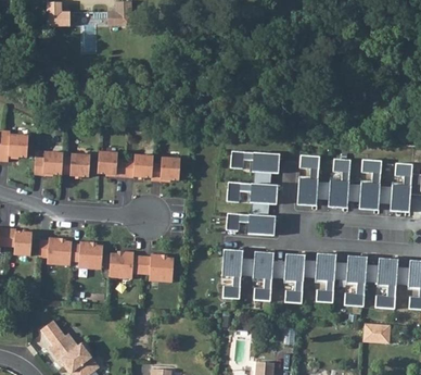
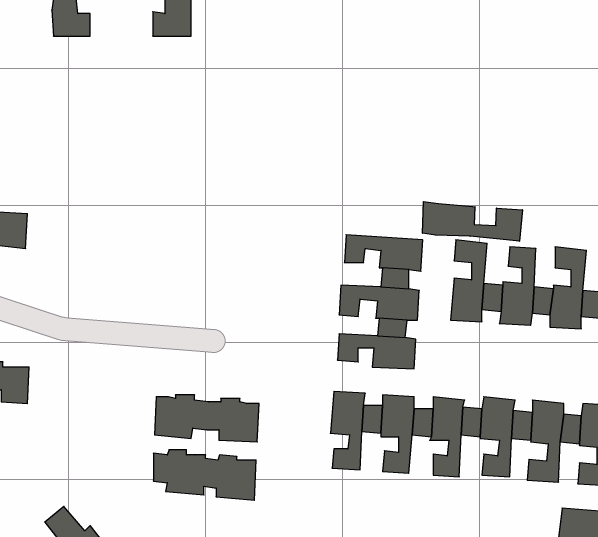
building: none -> [423,202,522,241]
building: [100,153,183,183] -> none
building: [37,154,93,178] -> none
building: [40,238,104,270] -> [153,450,256,500]

